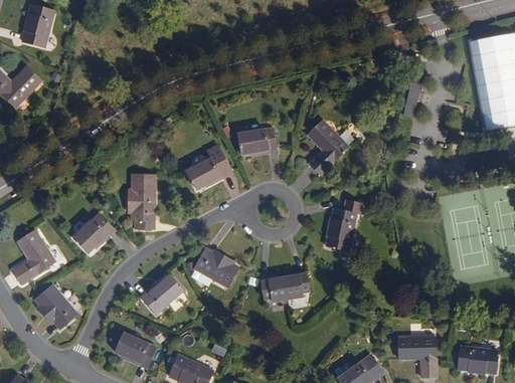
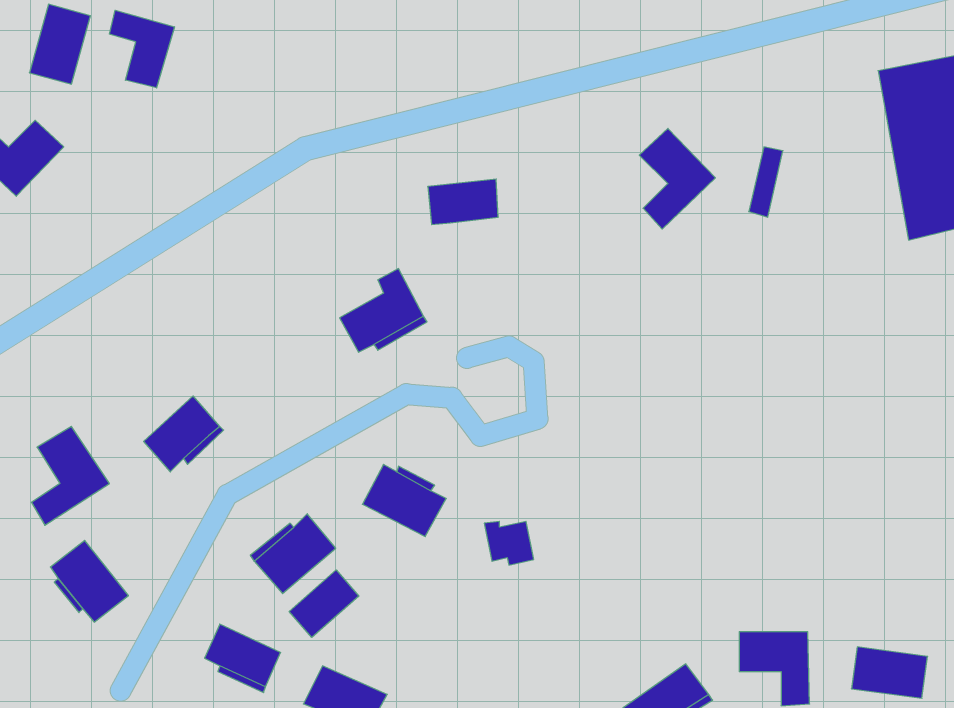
building: none -> [109,10,174,88]
building: [306,121,346,174] -> [639,128,715,229]
building: [239,128,277,152] -> [428,179,498,225]
building: [138,173,162,227] -> none
building: [326,195,362,245] -> none
building: [284,271,309,299] -> none
building: none -> [289,570,359,637]

